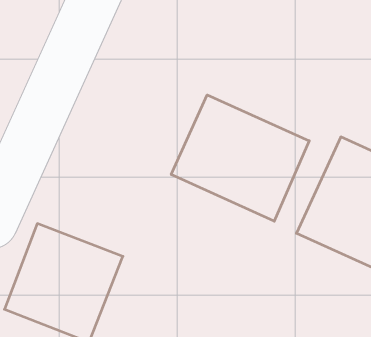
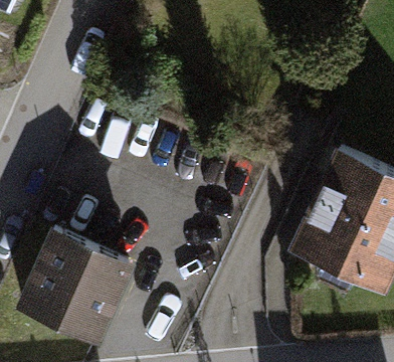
building: [171,95,309,221] -> none

